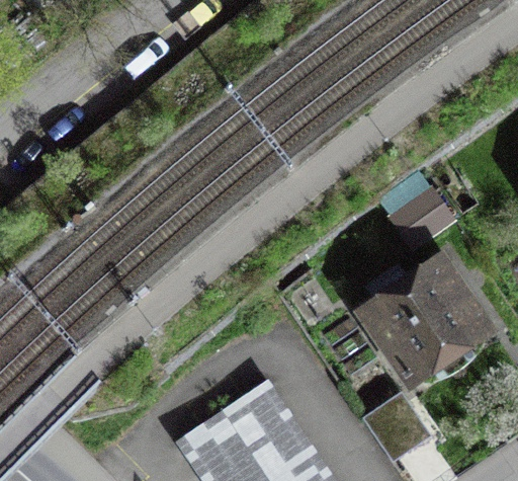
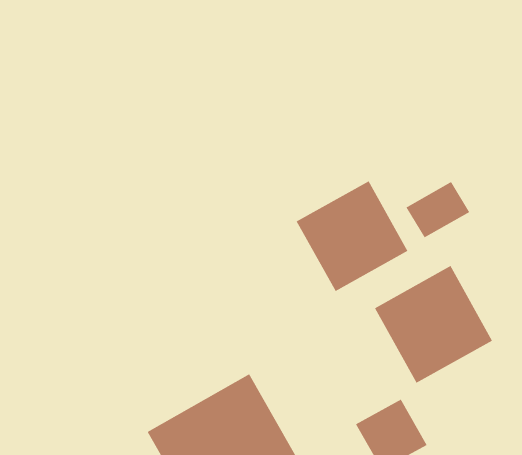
building: none -> [296,180,408,292]

